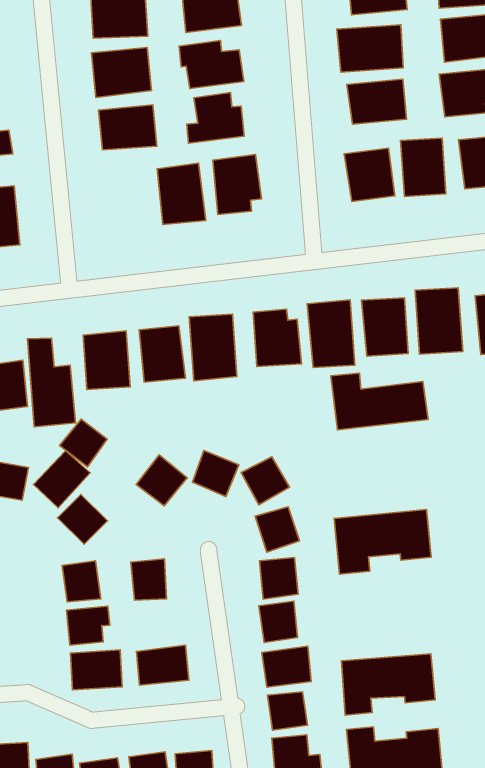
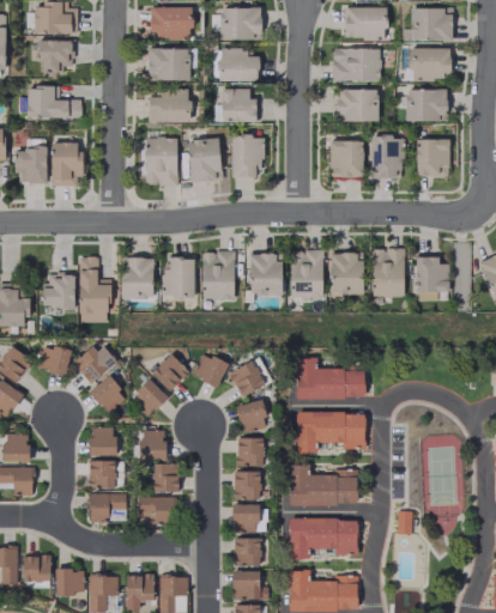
building: none -> [145,136,177,184]
building: [331,373,428,430] -> [296,358,365,399]
building: [60,419,107,467] -> [132,380,168,415]
building: none -> [290,465,357,505]
building: none -> [153,463,180,492]

